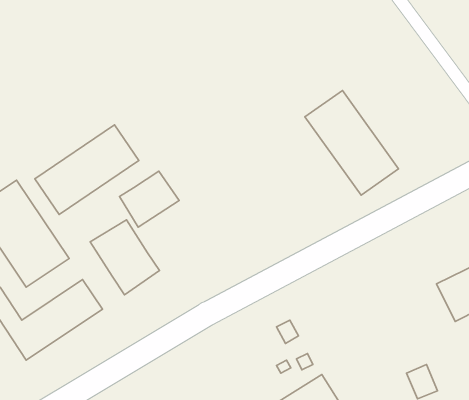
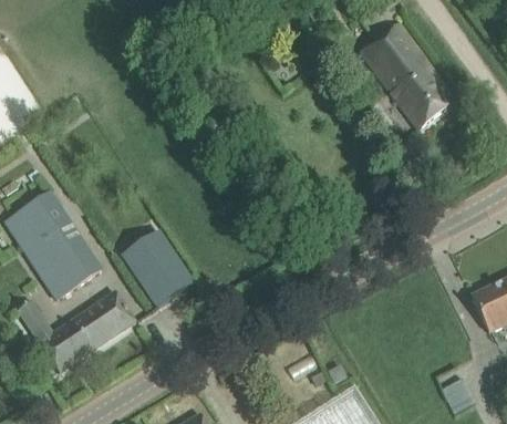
building: [305,90,399,195] -> [361,22,455,127]
building: [35,125,139,214] -> none
building: [119,171,179,227] -> none

